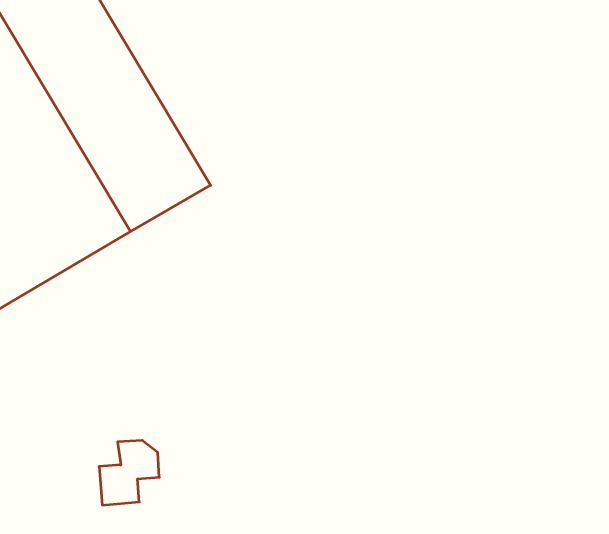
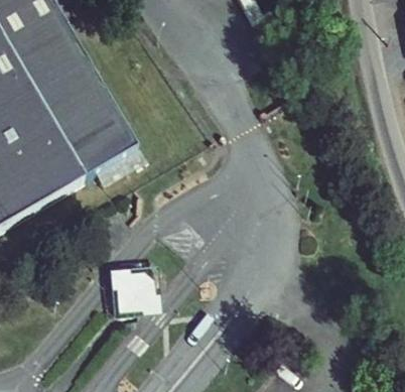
building: [99,440,159,505] -> [120,272,159,314]

